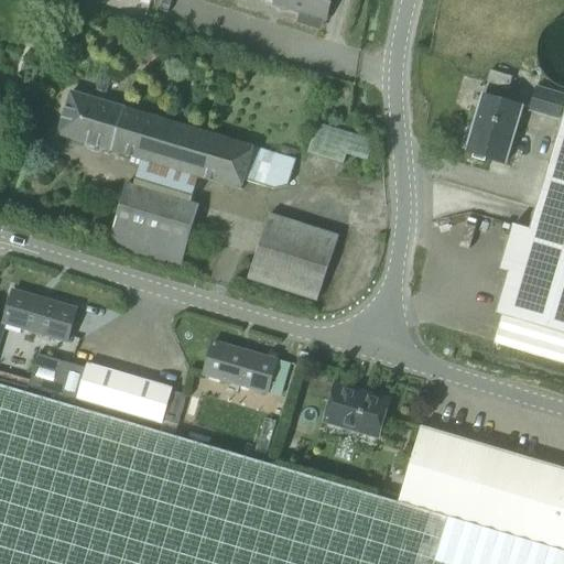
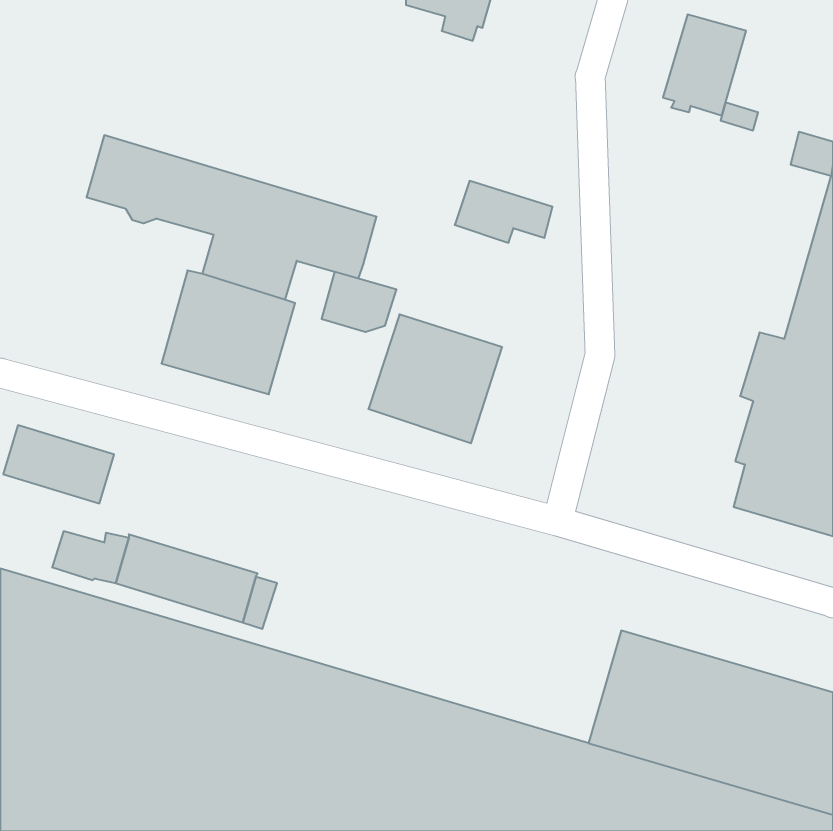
building: [468,95,524,163] -> [663,15,746,116]
building: [246,147,296,187] -> [322,272,397,332]
building: [203,340,291,395] -> none
building: [323,383,388,437] -> none

